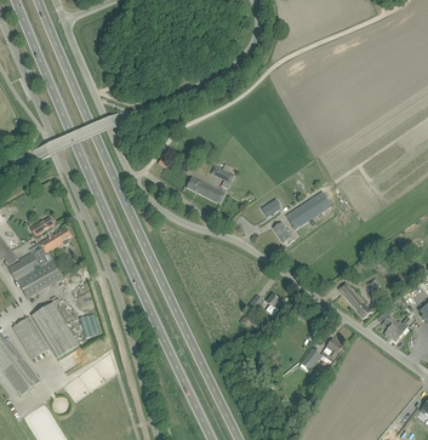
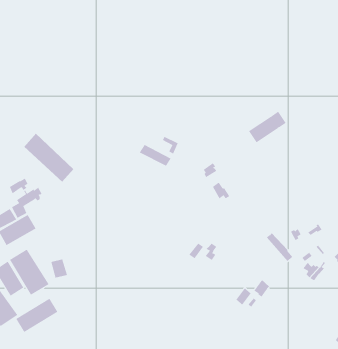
building: none -> [23,133,74,182]
building: [286,189,332,228] -> [248,111,287,143]
building: none -> [15,298,58,333]

